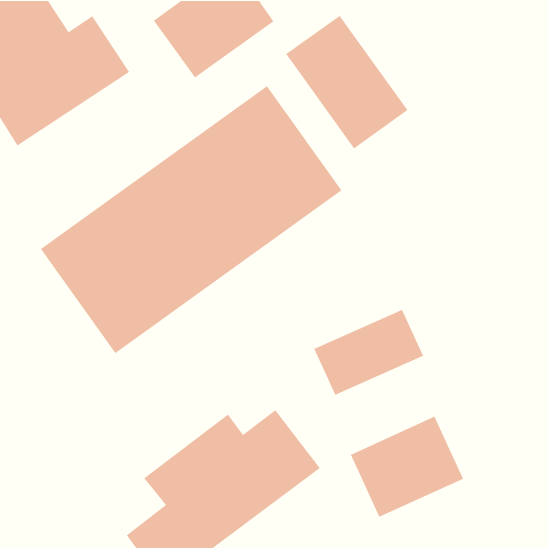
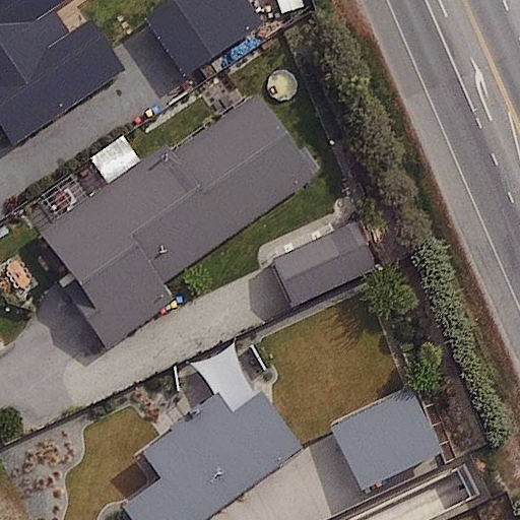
building: [285,15,409,149] -> none
building: [313,309,424,396] -> [271,224,376,307]

